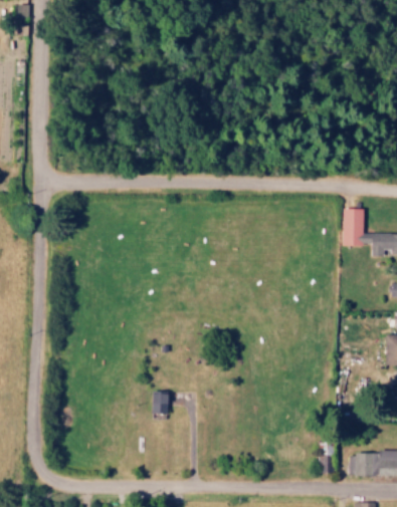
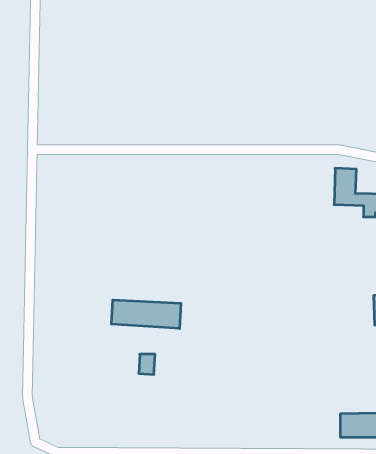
building: none -> [111,300,181,329]

